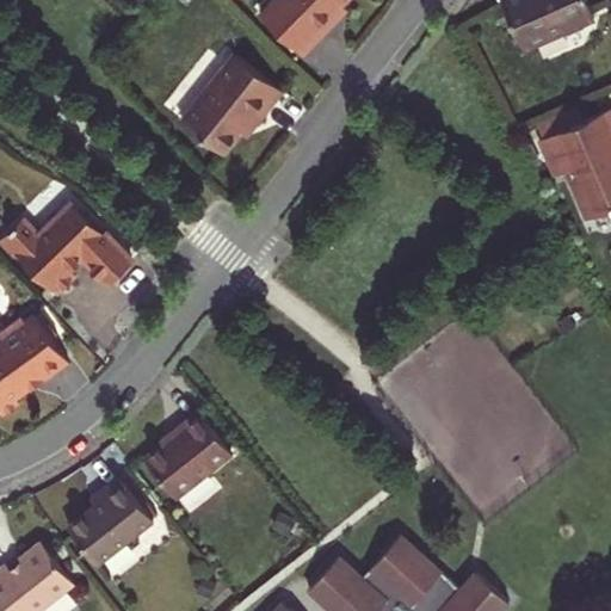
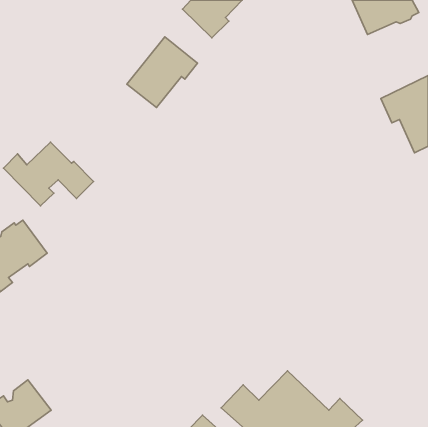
building: [143,415,230,501] -> none
building: [67,479,153,566] -> none

